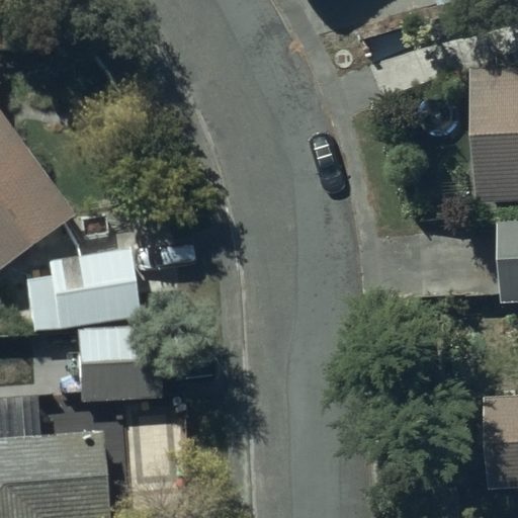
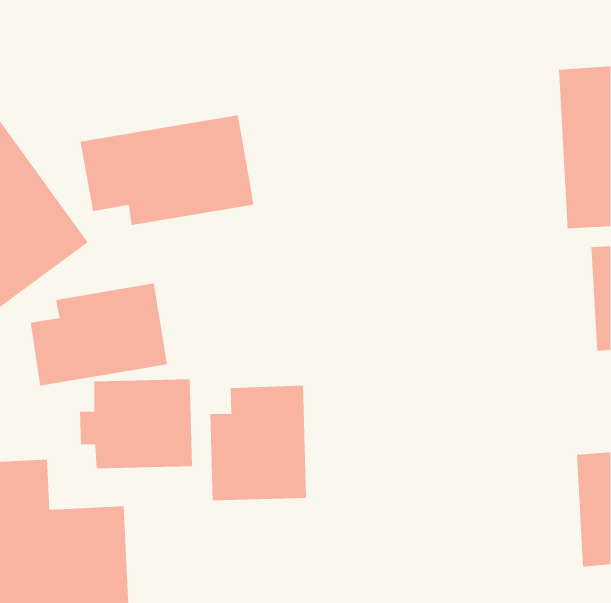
building: none -> [80,115,254,226]
building: none -> [210,385,306,501]

